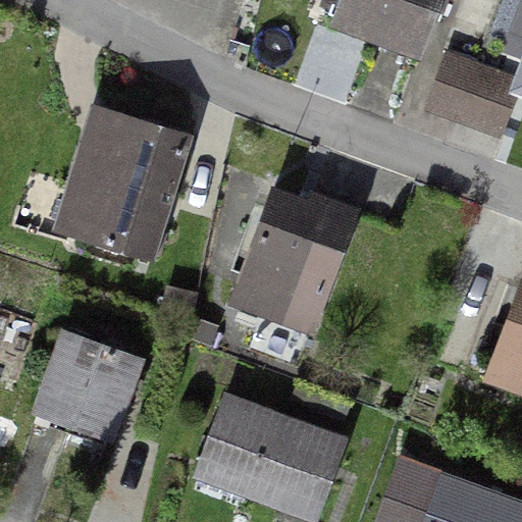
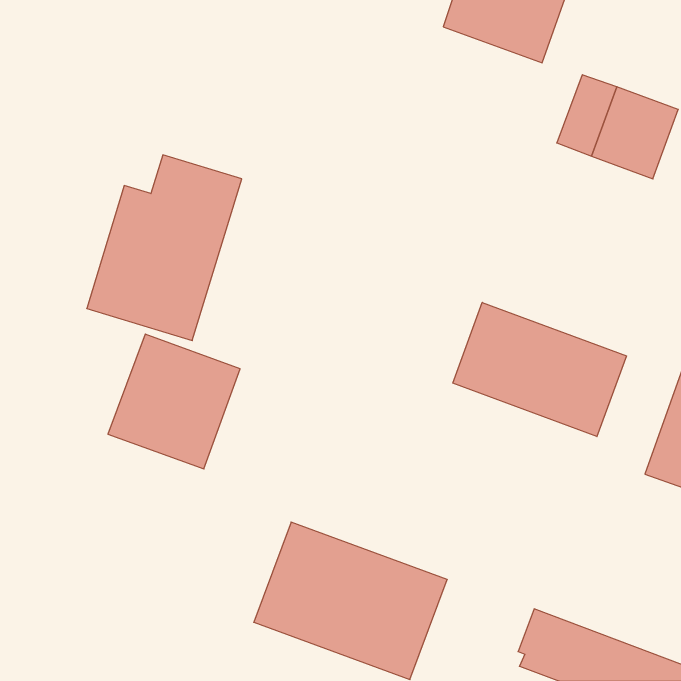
building: [230,193,353,331] -> none
building: none -> [453,302,626,437]
building: [35,334,136,437] -> [108,334,240,469]

